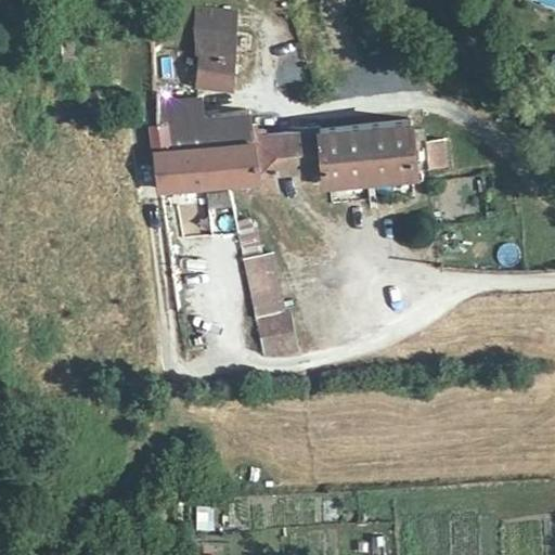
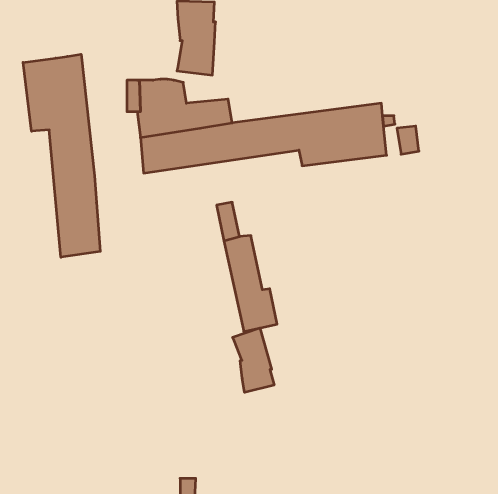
building: none -> [23,54,100,257]
building: none -> [233,328,274,392]

